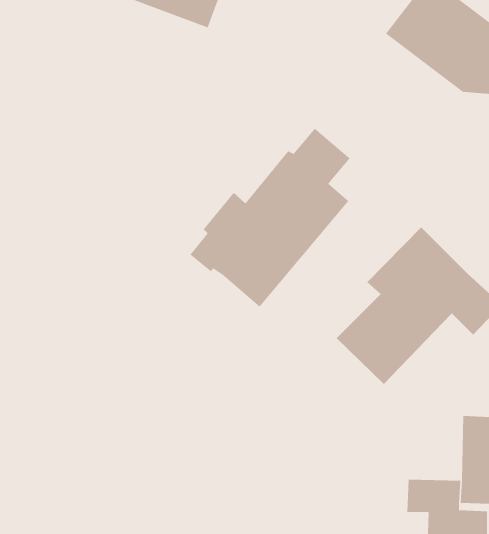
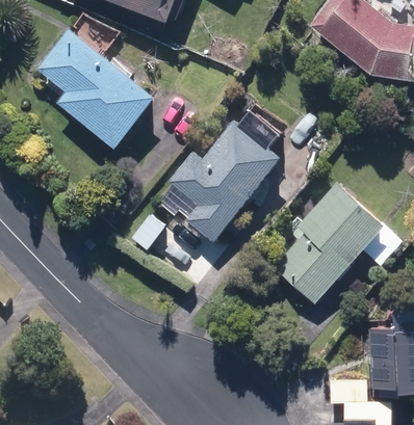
building: none -> [34,26,153,149]

